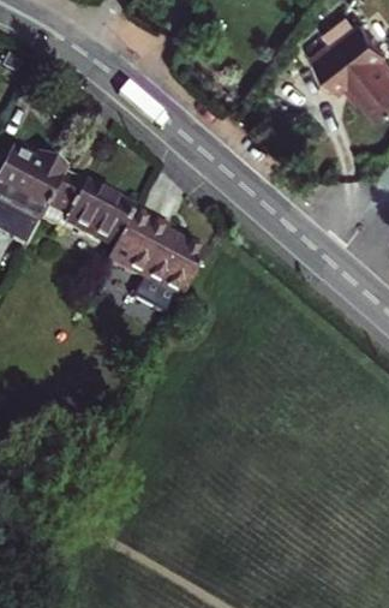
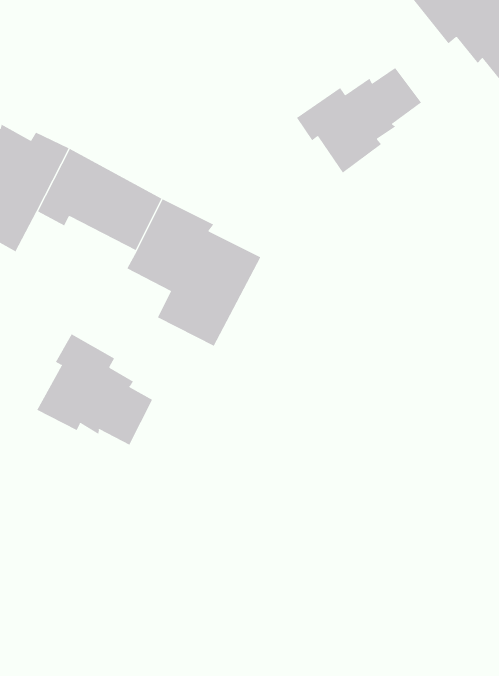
building: none -> [296,67,422,173]
building: none -> [36,334,153,445]

